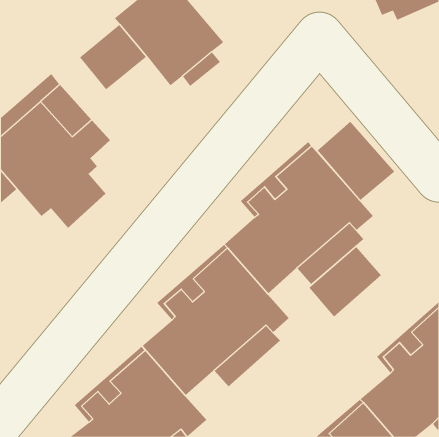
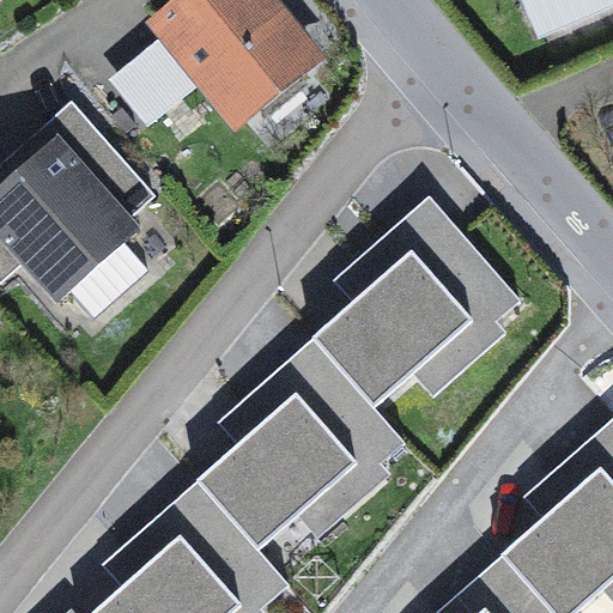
building: [317,121,395,201] -> none
building: [309,246,382,318] -> none

